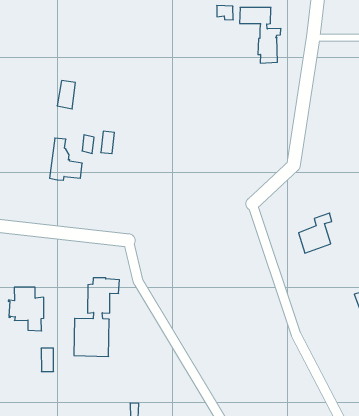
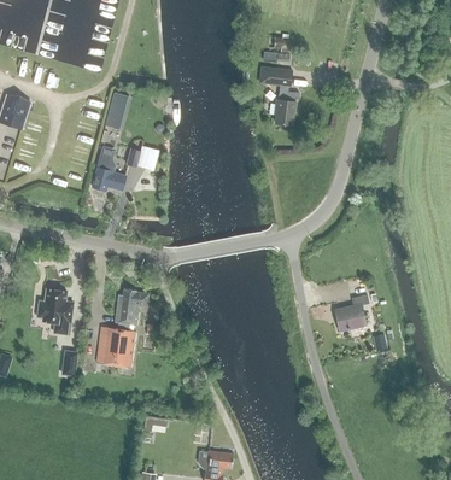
building: [240,7,281,63] -> [259,66,299,124]
building: [299,213,332,253] -> [334,294,368,330]

